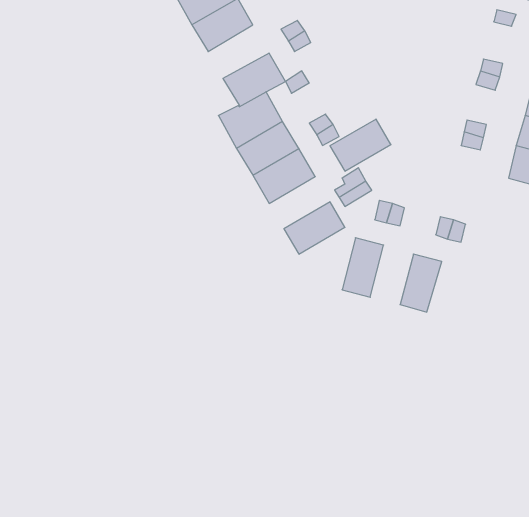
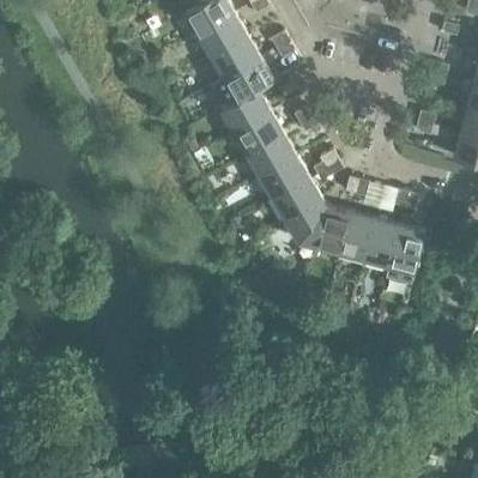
building: none -> [211,35,260,78]
building: [330,119,391,171] -> [260,157,309,199]
building: none -> [284,198,329,248]
building: none -> [341,212,376,260]
building: none -> [387,225,424,273]

